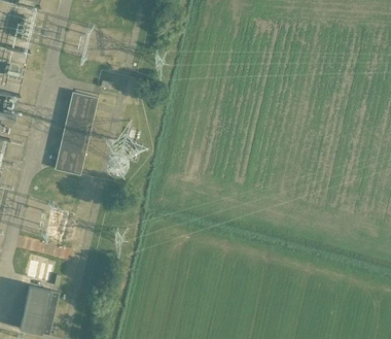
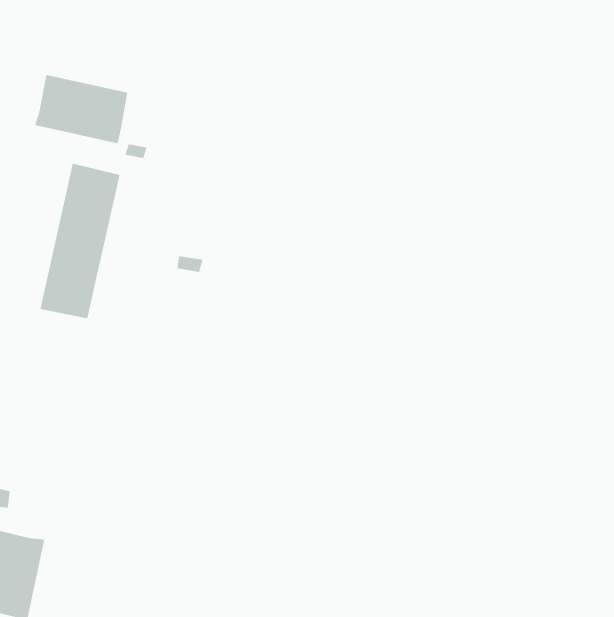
building: none -> [34,74,128,144]

